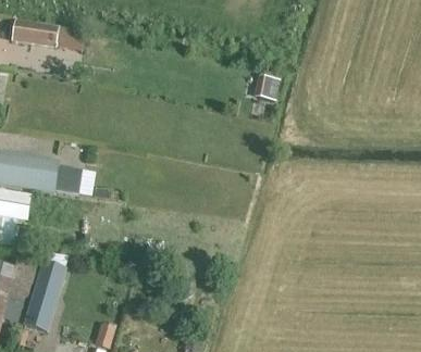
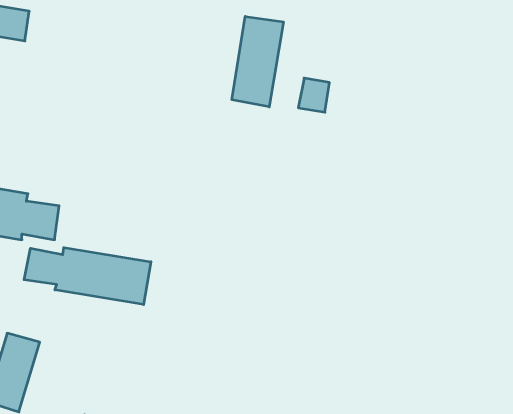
building: none -> [232,16,283,107]
building: none -> [24,248,151,305]

